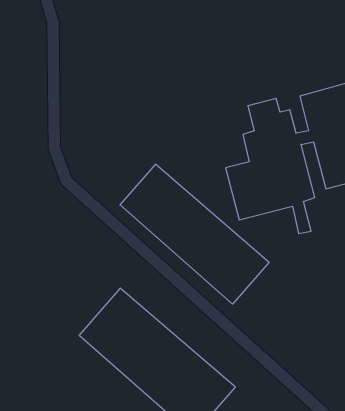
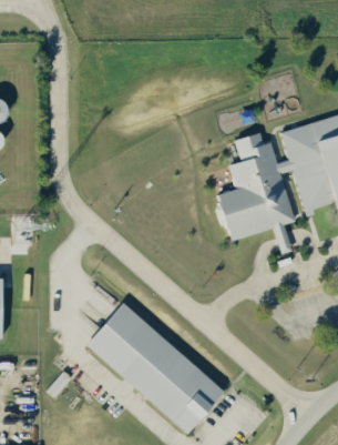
building: [120,164,269,304] -> none

